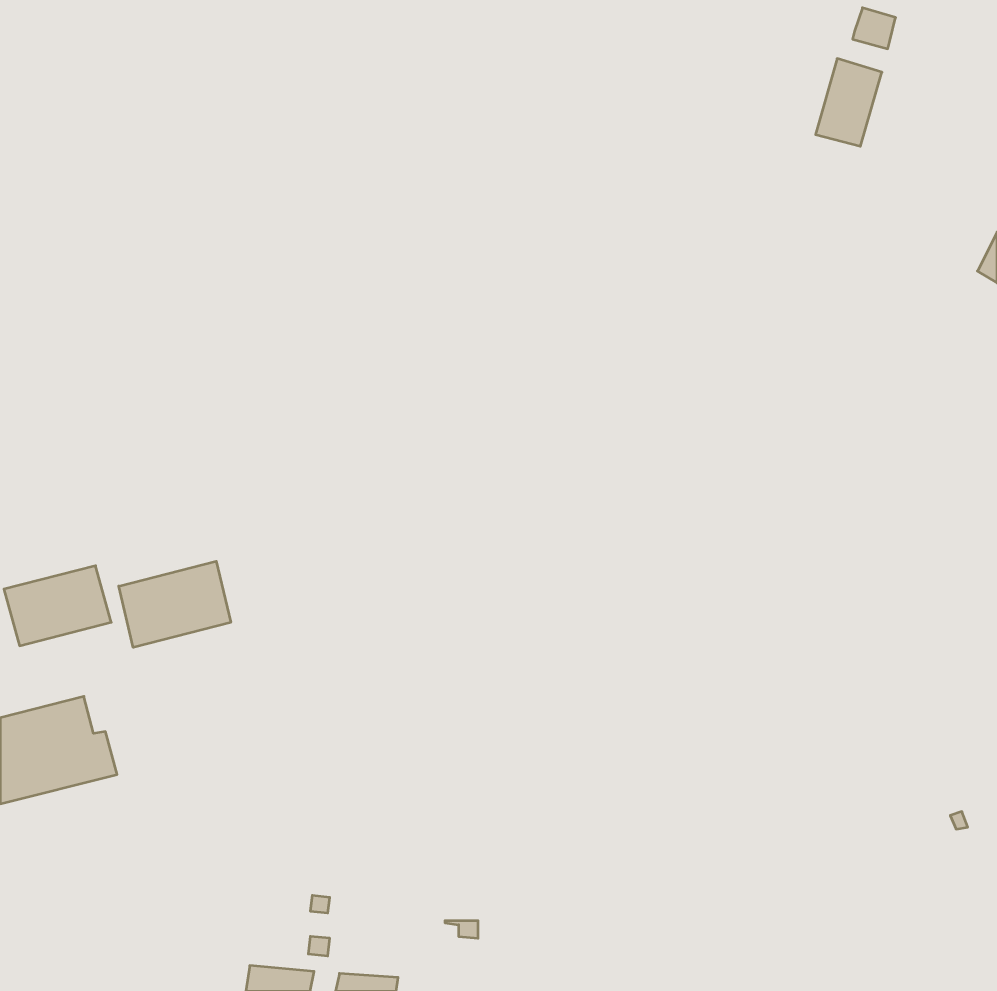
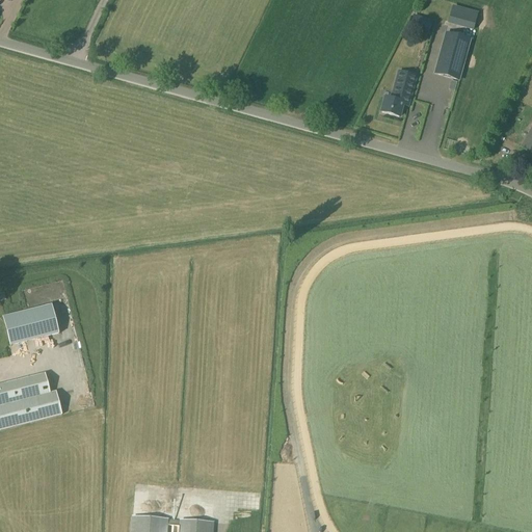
building: none -> [382,70,416,114]
building: [119,561,231,647] -> none

